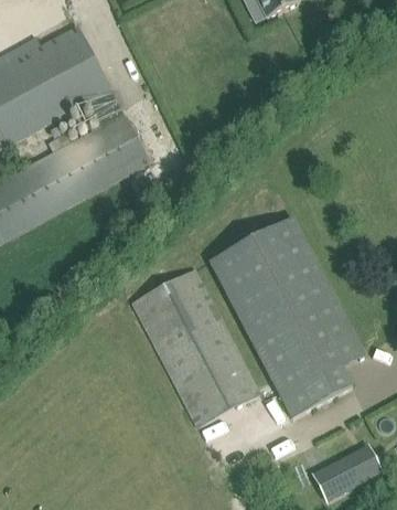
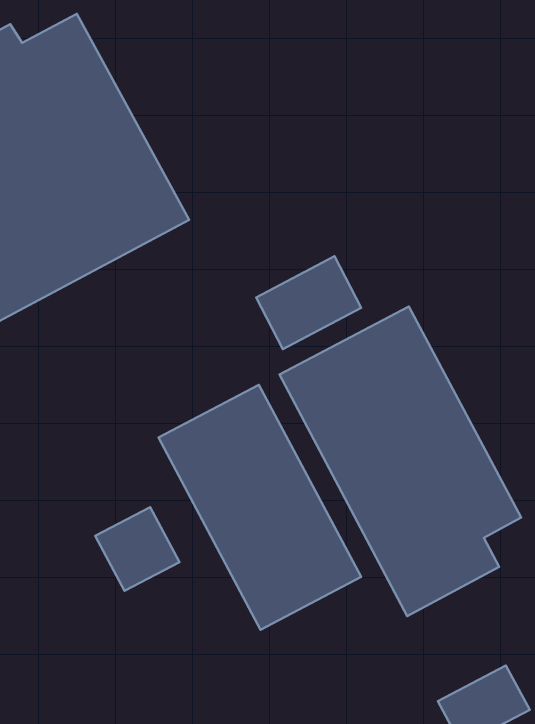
building: none -> [256,256,361,349]
building: none -> [95,507,179,591]

